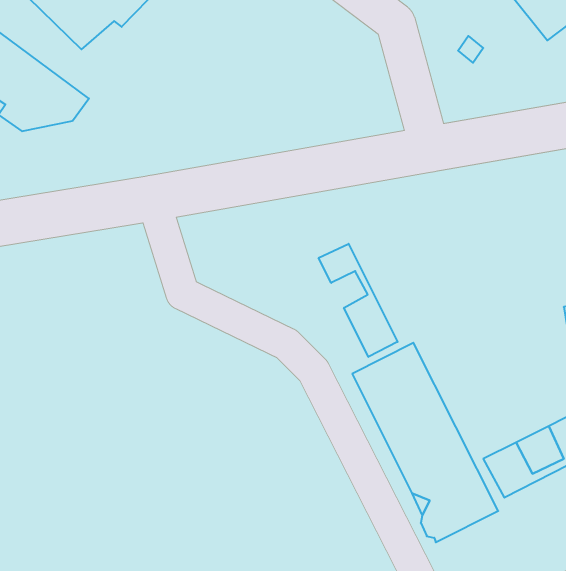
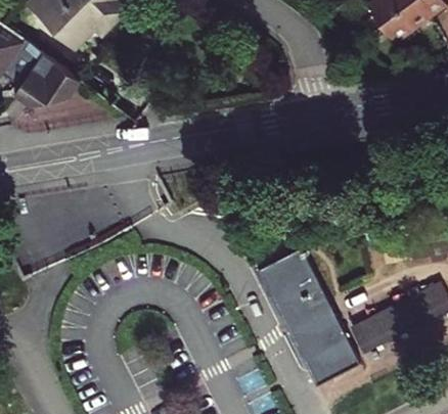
building: [319,244,398,357] -> none

